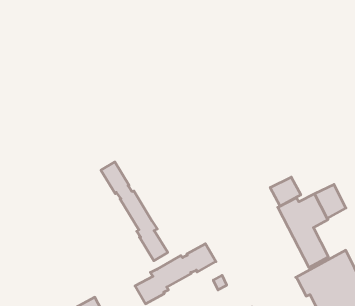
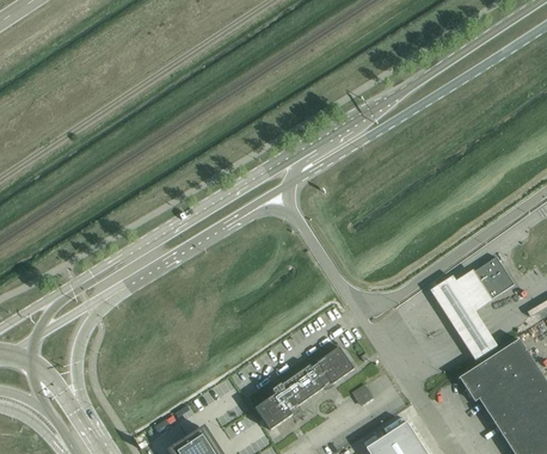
building: [101,162,168,261] -> none
building: [270,177,301,206] -> none

